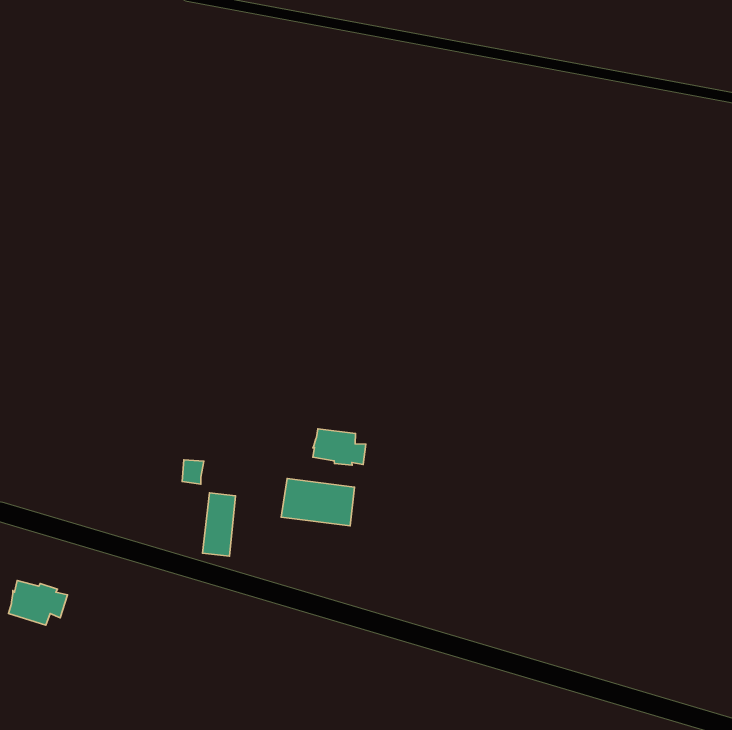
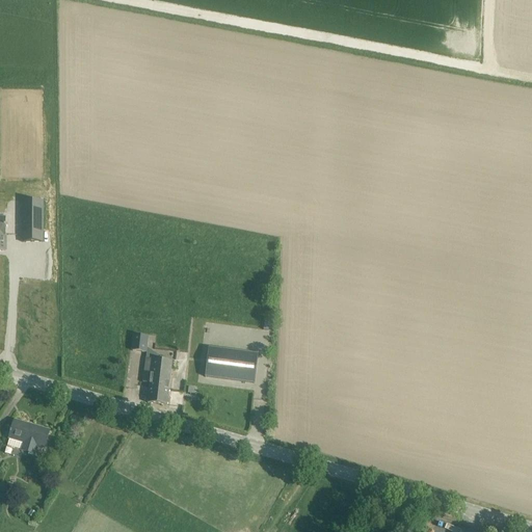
building: none -> [23,196,44,238]
building: [313,429,366,465] -> none

